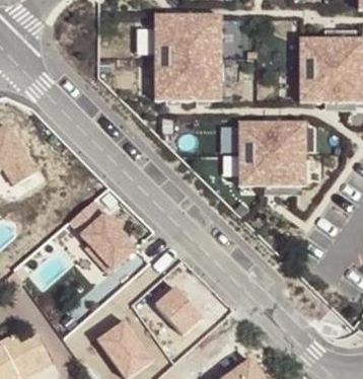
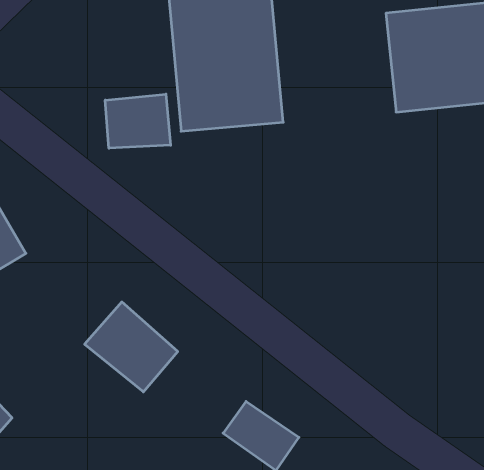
building: none -> [105,94,171,148]
building: [234,122,301,186] -> none

